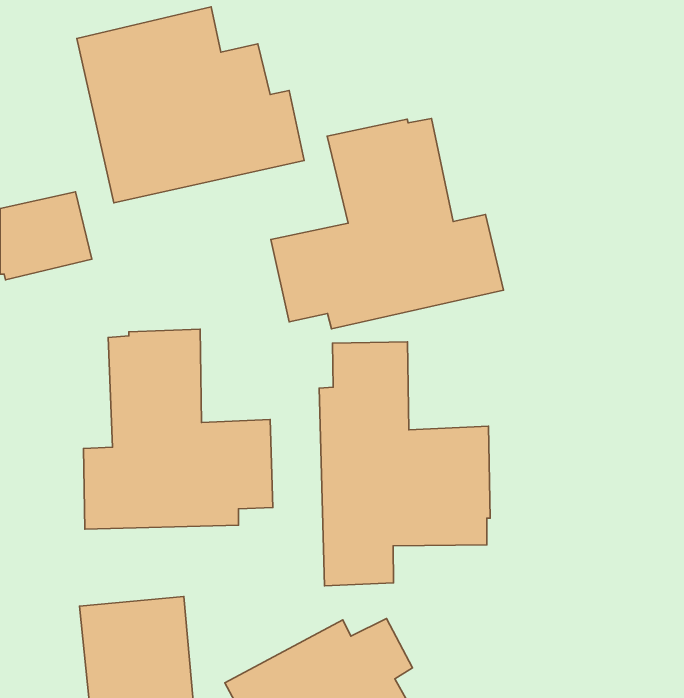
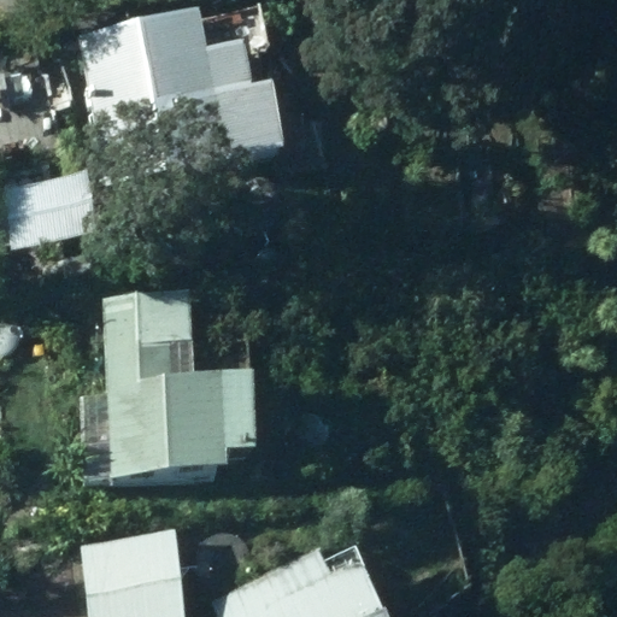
building: [271,118,504,329] -> none
building: [319,342,490,586] -> none

